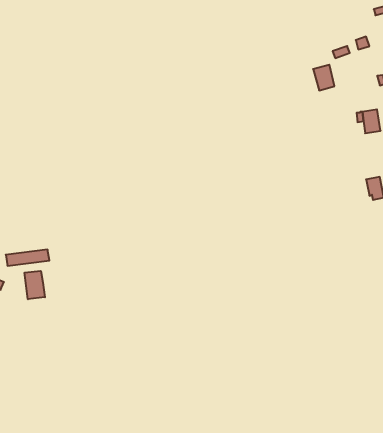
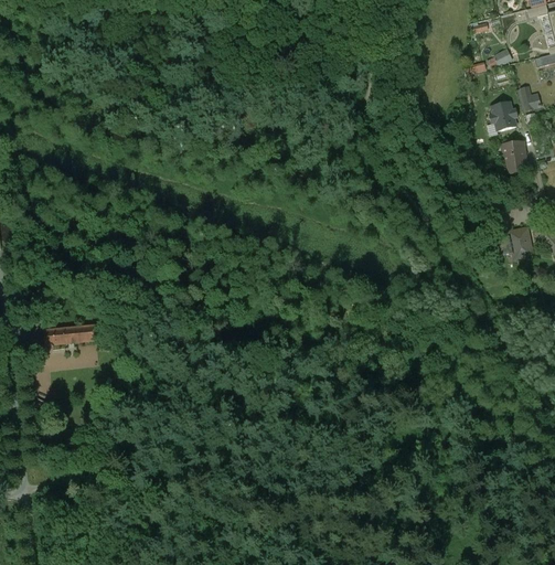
building: [313,65,334,90] -> [489,99,516,132]
building: [25,271,45,299] -> none

